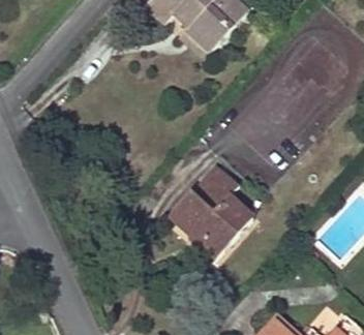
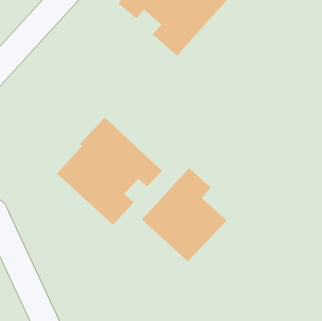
building: none -> [56,117,163,226]

